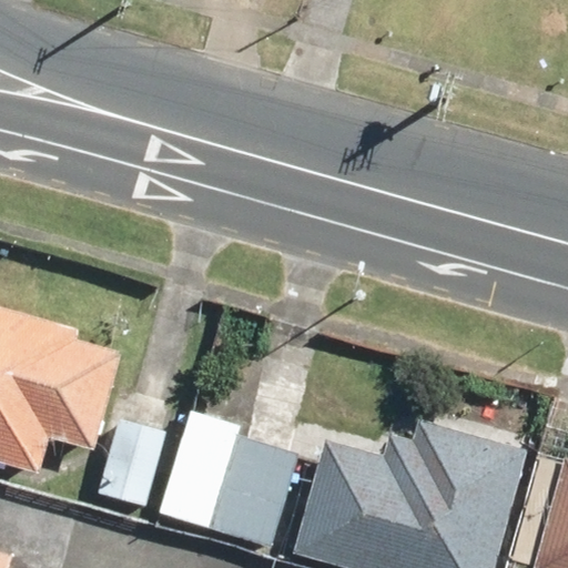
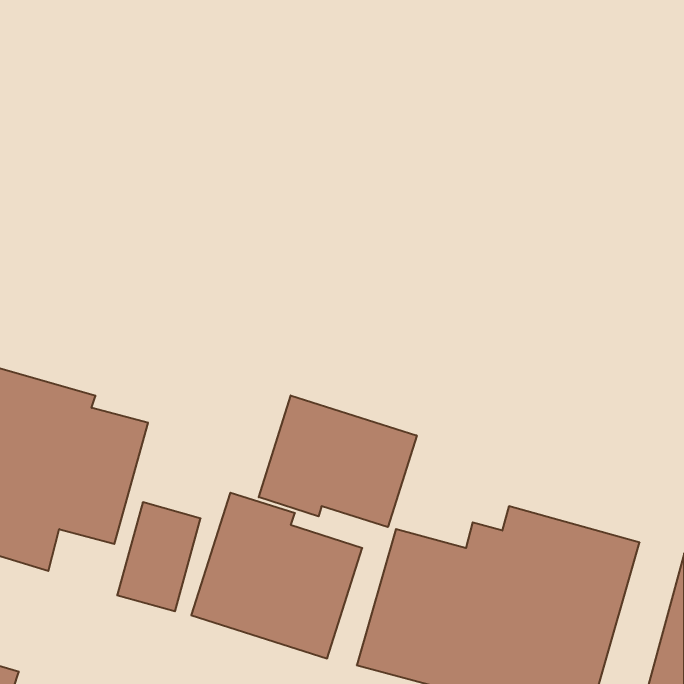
building: none -> [259,395,417,527]

